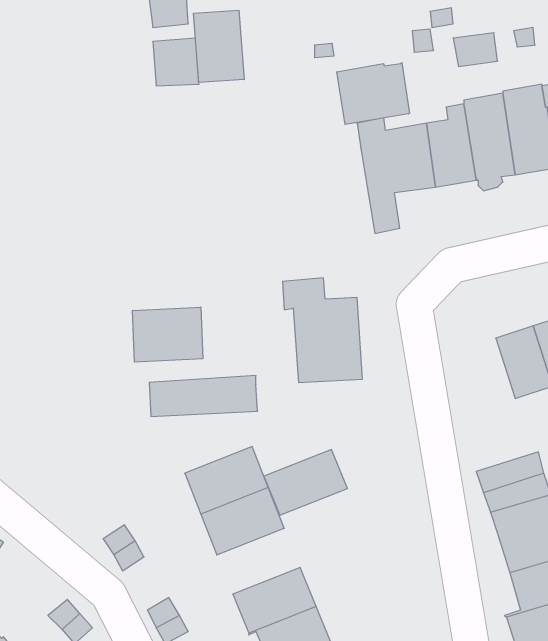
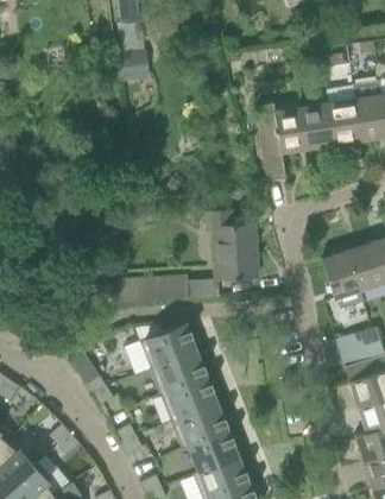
building: [194,10,244,83] -> none
building: [337,63,409,124] -> none
building: [133,307,203,362] -> none
building: none -> [321,249,364,308]
building: [264,450,347,515] -> [162,377,217,421]

